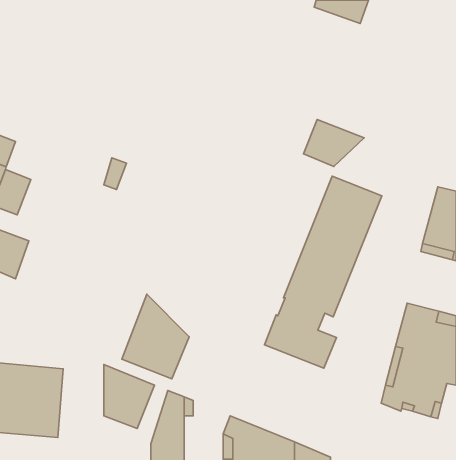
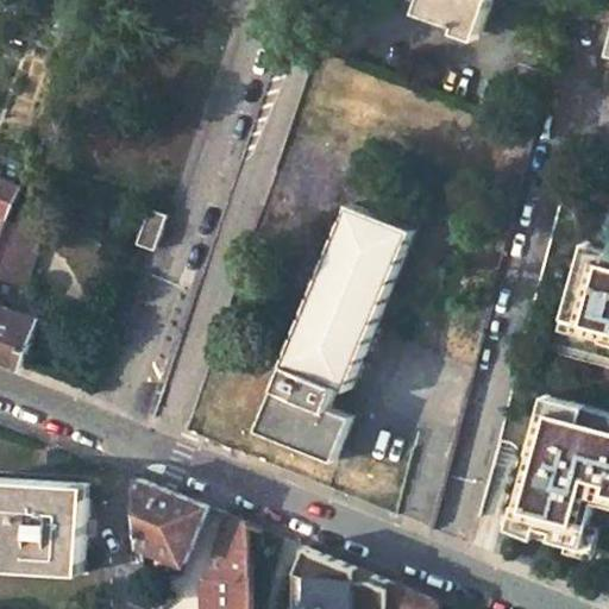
building: [303,120,364,166] -> none
building: [264,176,382,368] -> [255,206,409,459]
building: [122,294,189,379] -> none

